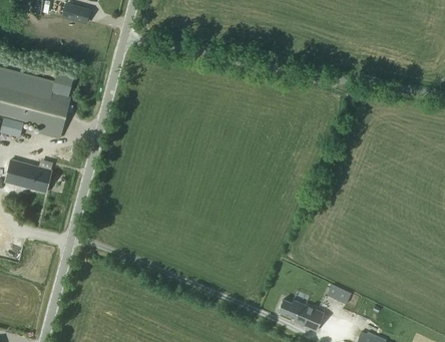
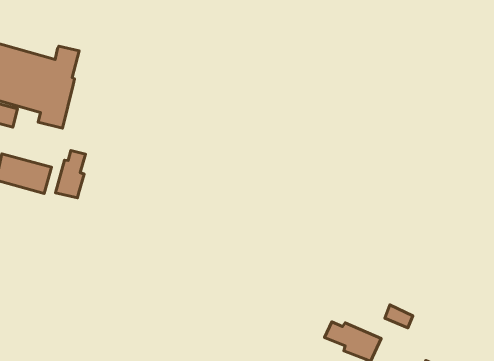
building: none -> [56,150,86,198]

